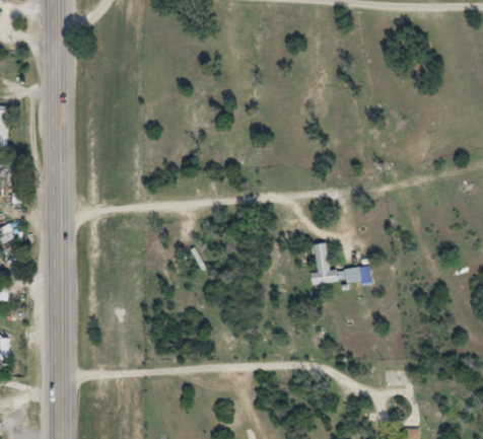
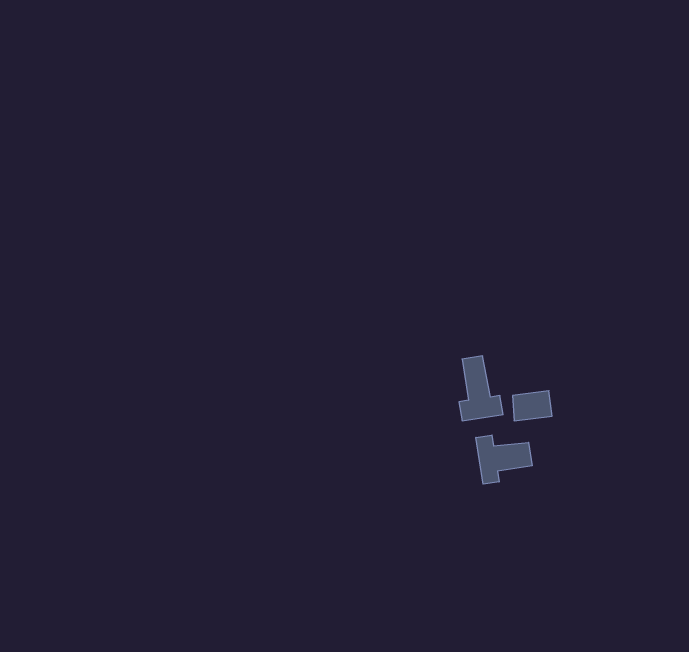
building: none -> [476,435,532,484]

